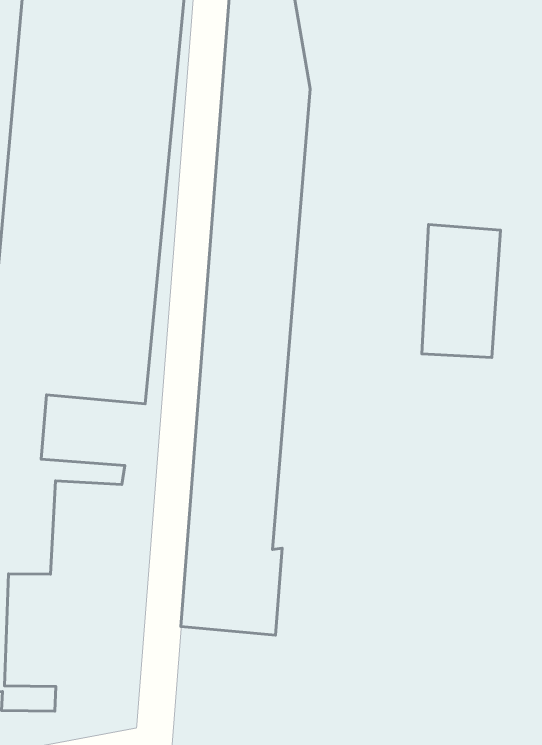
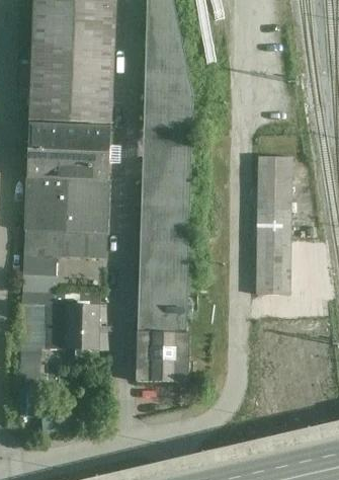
building: none -> [254,225,292,294]
building: none -> [64,303,108,352]

